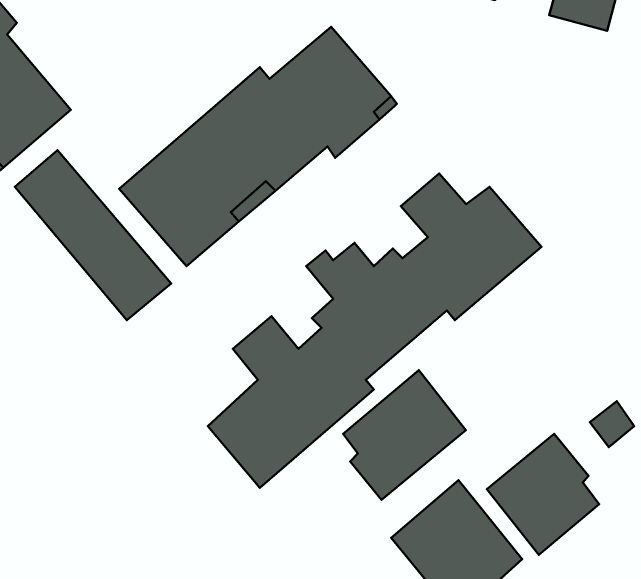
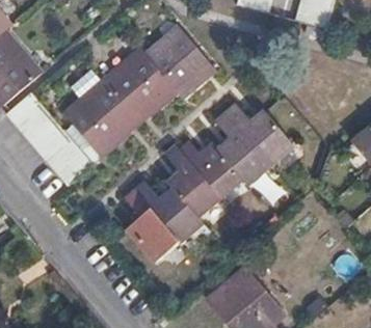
building: [343,370,466,500] -> none
building: [487,434,599,555] -> none

